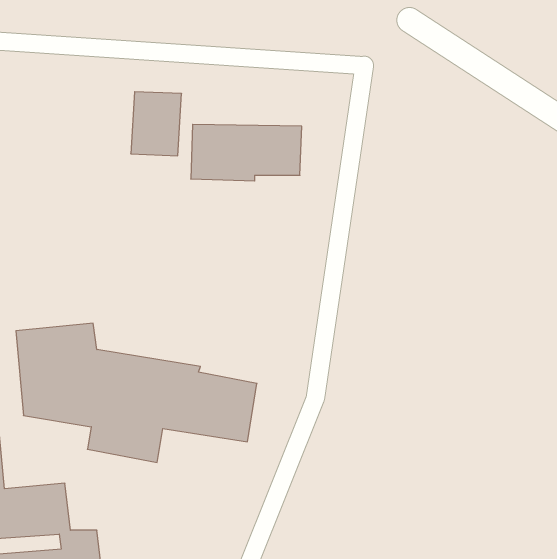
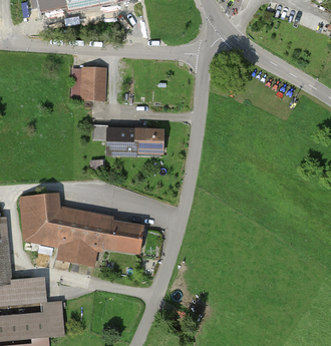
building: [191,124,302,181] -> [104,127,163,157]

